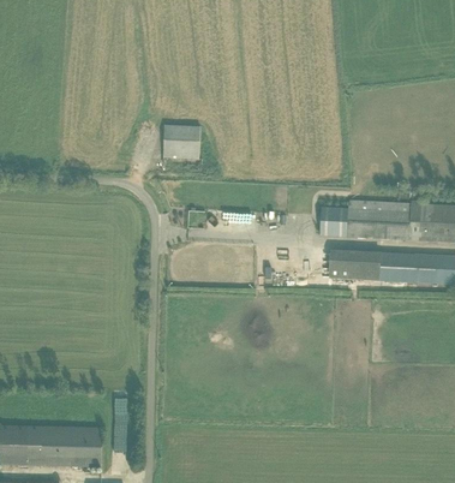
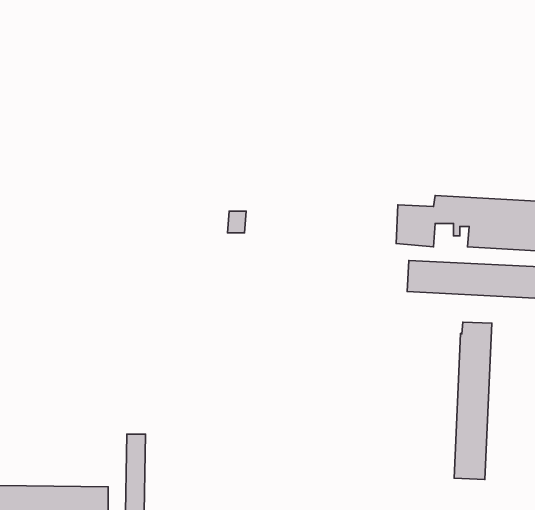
building: [166,125,204,161] -> none
building: none -> [454,322,492,480]

